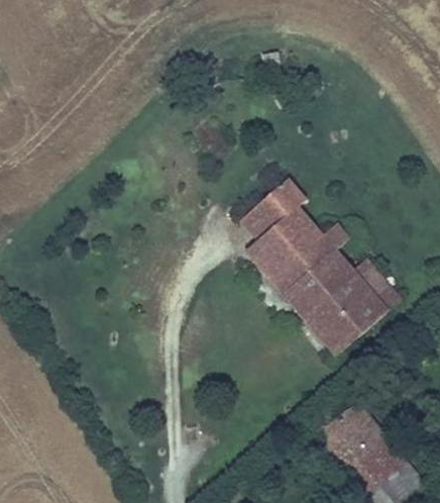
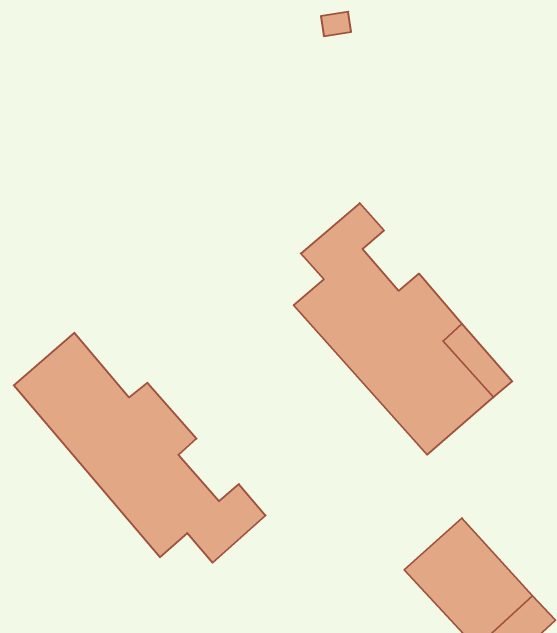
building: none -> [14,333,266,563]

